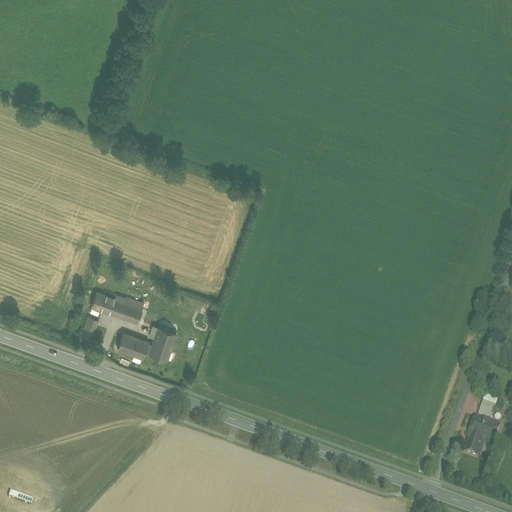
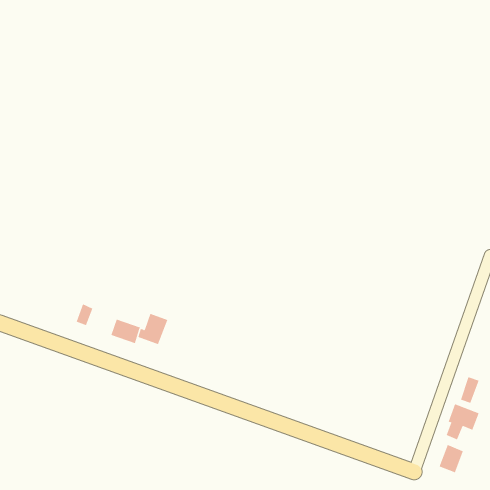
building: [90,290,142,322] -> none
building: none -> [439,444,464,473]

